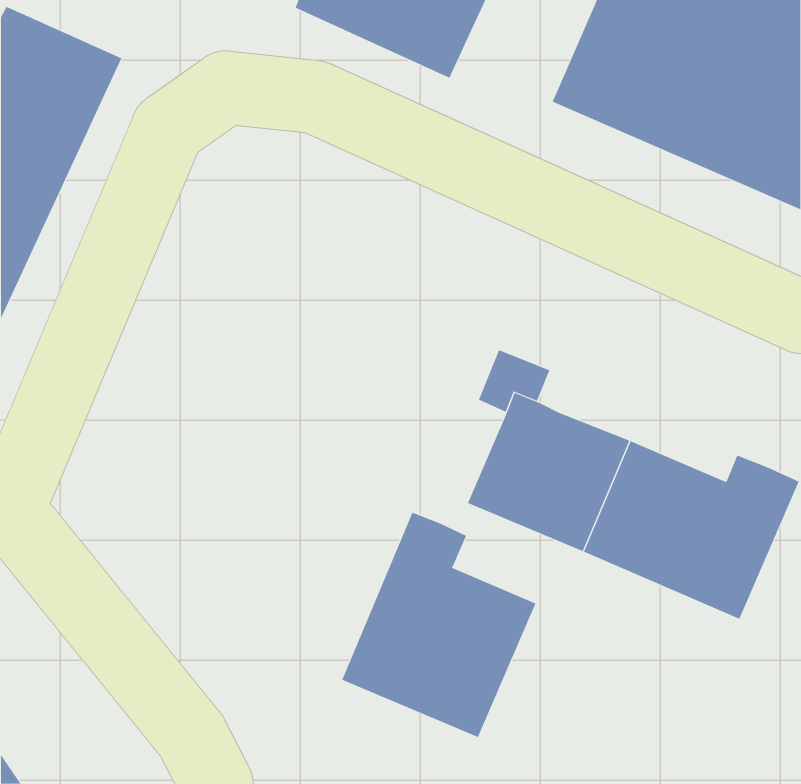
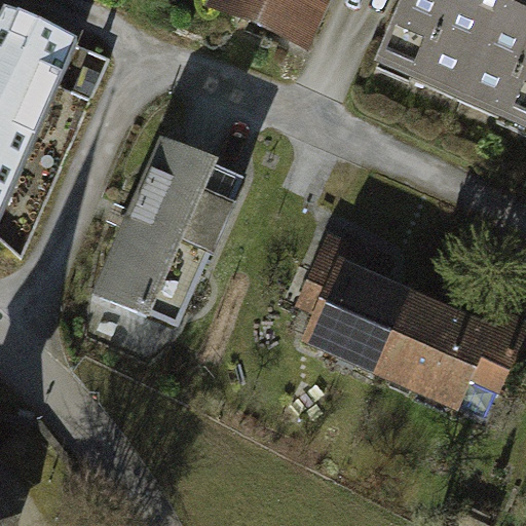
building: none -> [100,137,239,320]
building: [341,512,536,738] -> none

